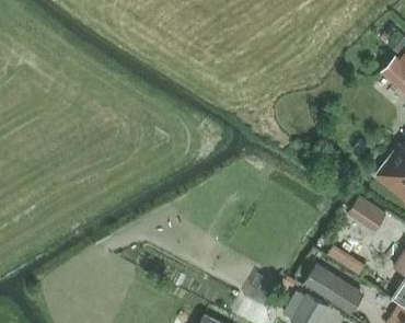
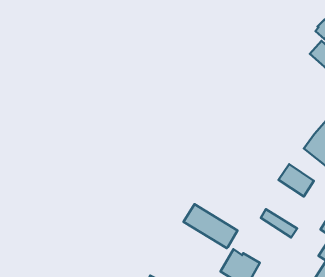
building: [303,263,363,312] -> [184,204,237,248]

